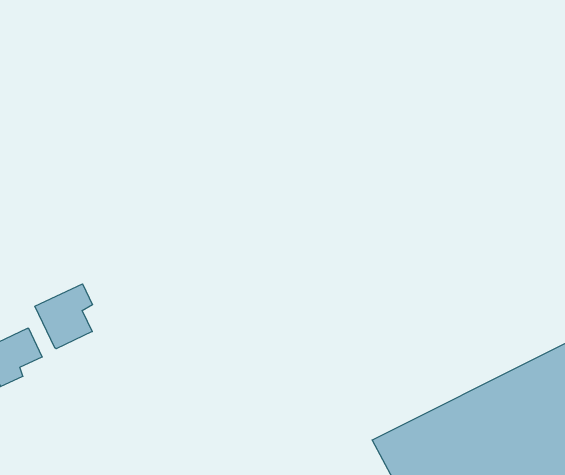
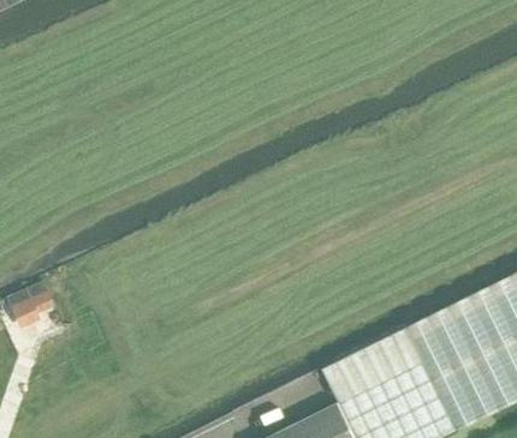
building: [35,284,92,349] -> none

